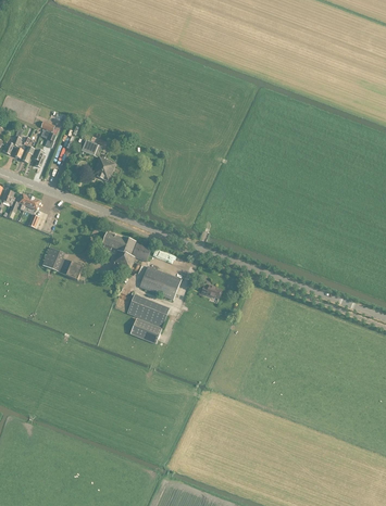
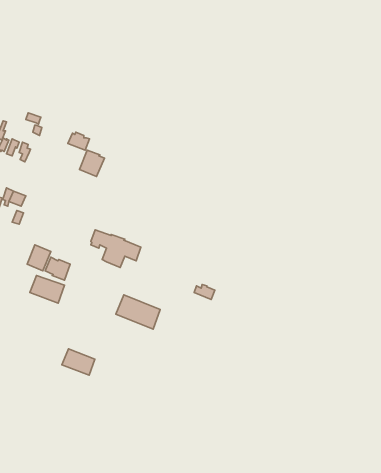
building: [139,265,180,299] -> none
building: none -> [30,275,65,303]
building: [129,317,161,342] -> [62,349,95,375]

